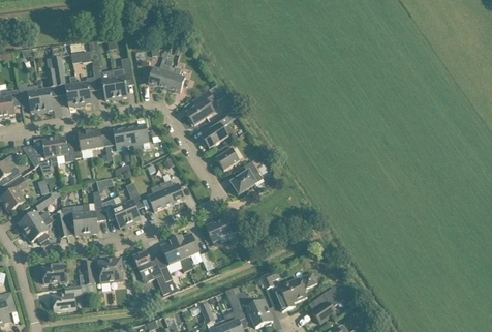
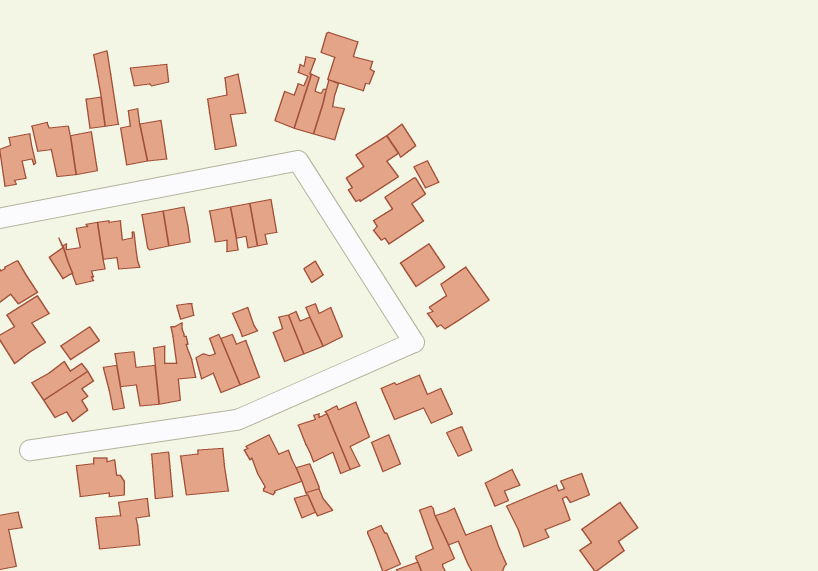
building: none -> [321,32,374,91]
building: [91,60,116,99] -> none

